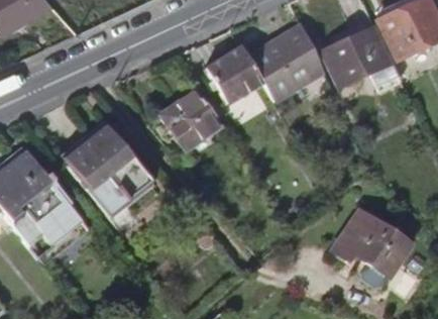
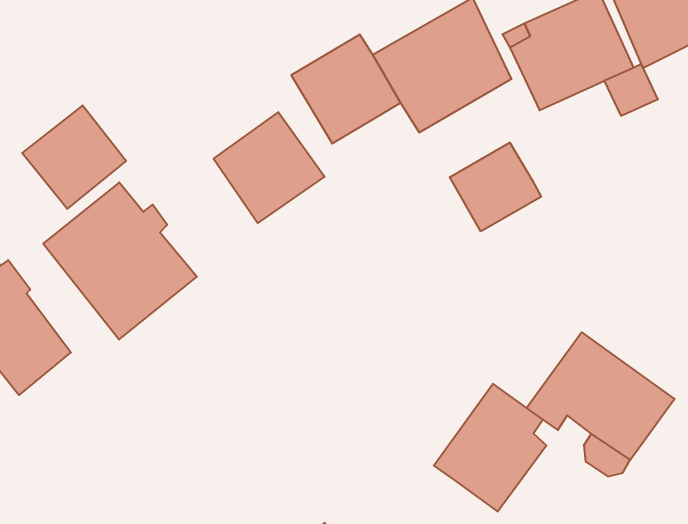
building: none -> [22,105,126,209]
building: none -> [450,143,541,231]
building: none -> [434,384,546,512]

